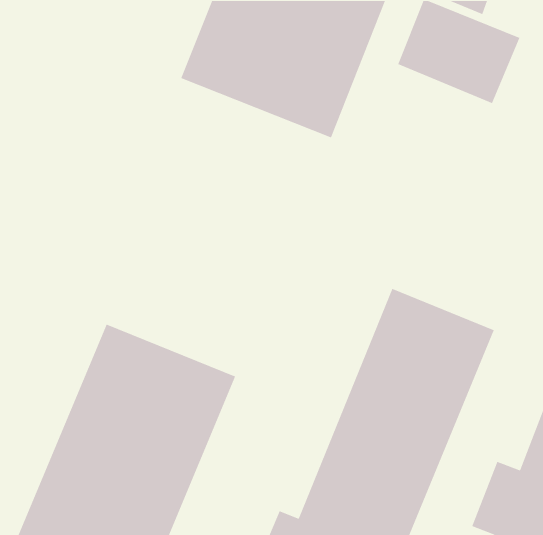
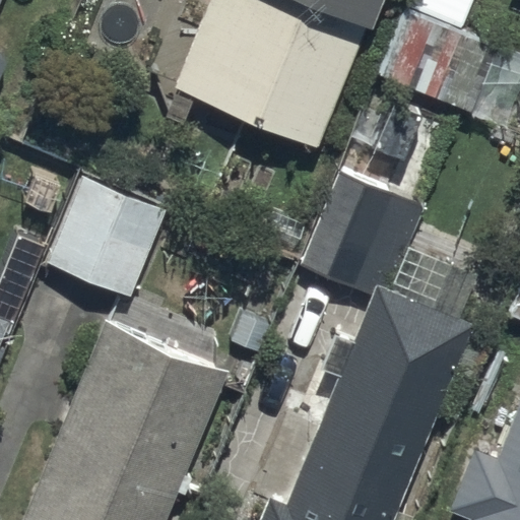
building: none -> [302,174,425,290]
building: none -> [48,181,165,296]

